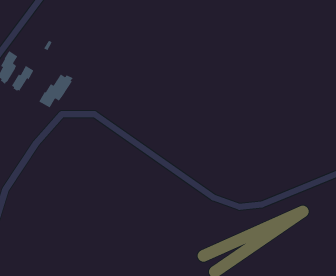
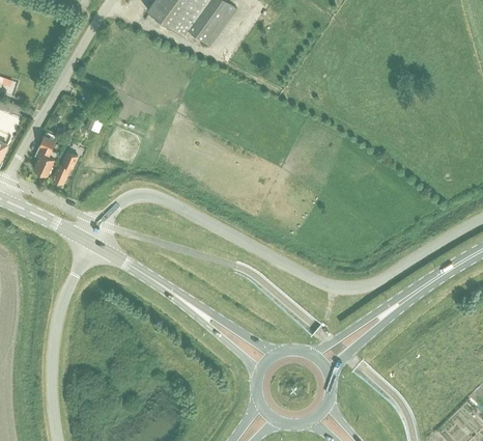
building: [38,74,73,108] -> none

